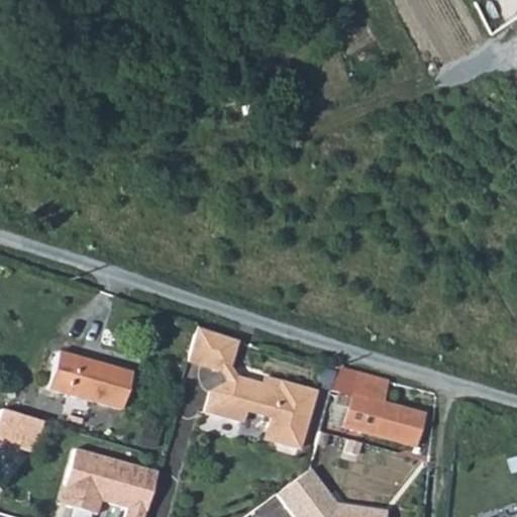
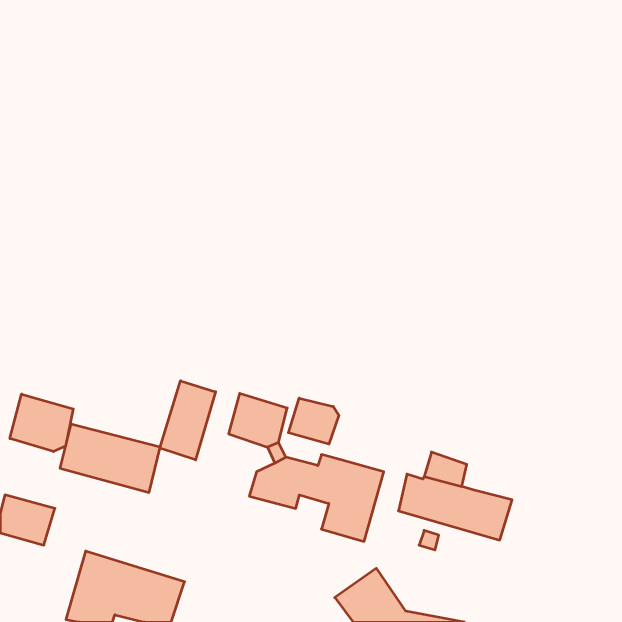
building: none -> [160,381,216,460]
building: none -> [10,394,73,452]
building: none -> [288,398,339,444]

